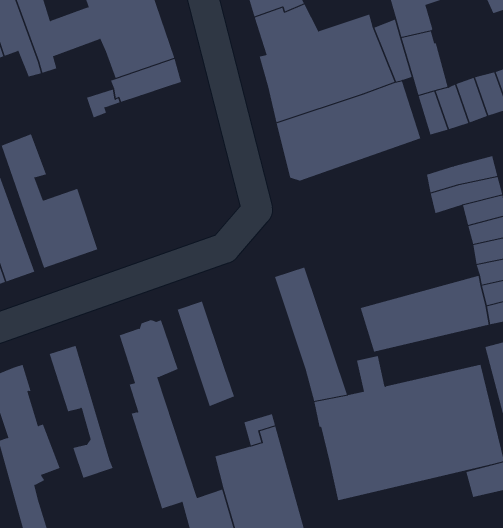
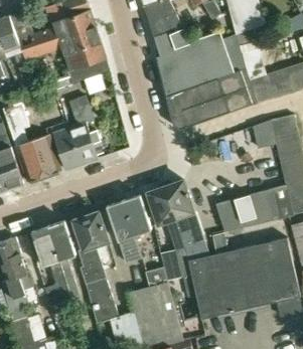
building: none -> [52,95,108,169]
building: none -> [147,186,196,297]
building: none -> [122,194,154,239]
building: none -> [47,221,79,299]

